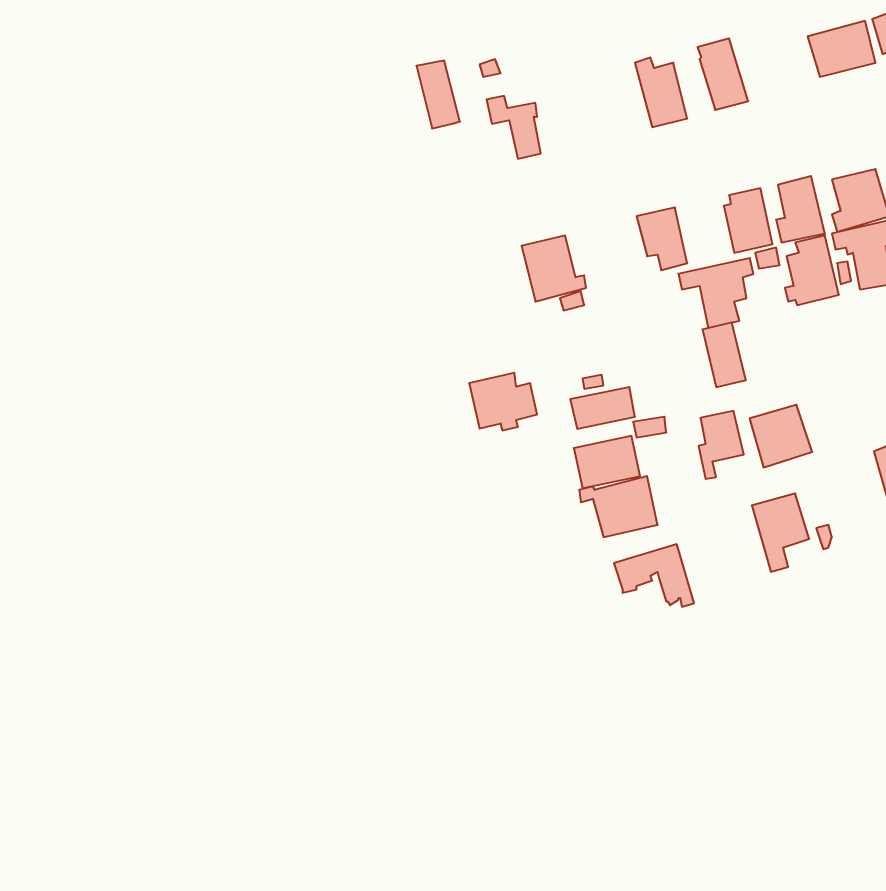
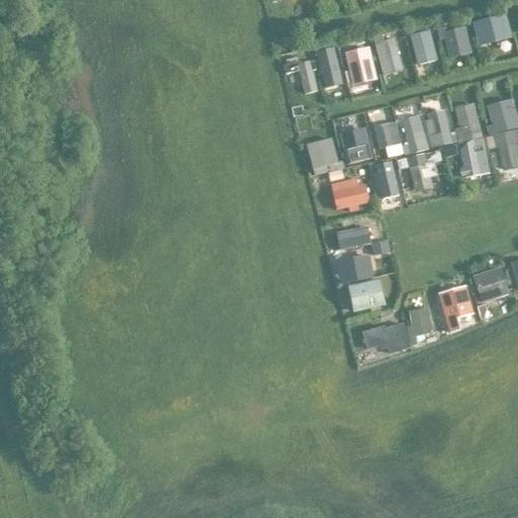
building: none -> [435,22,470,57]
building: [416,61,460,129] -> [317,48,342,87]
building: none -> [343,46,375,84]
building: none -> [401,114,427,154]
building: none -> [339,126,369,161]
building: [702,322,746,387] -> [373,161,399,198]
building: [469,373,537,430] -> [330,177,369,210]
building: [750,405,812,467] -> [472,266,509,303]
building: [699,411,744,479] -> [407,306,433,345]

